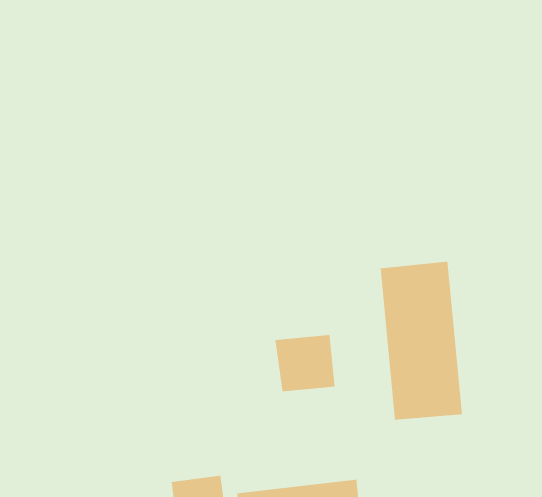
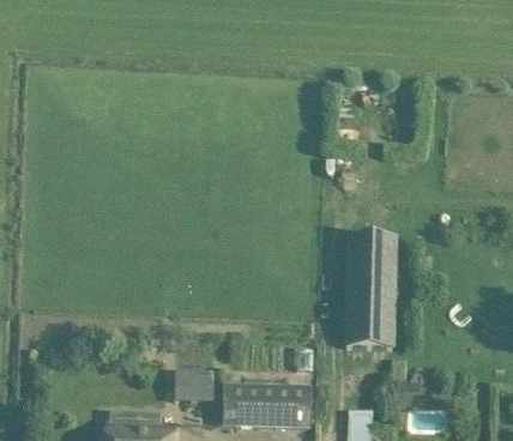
building: [275,334,335,392] -> none

